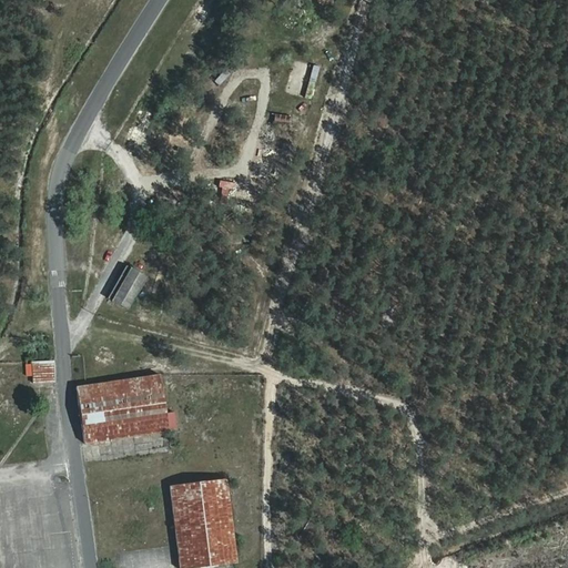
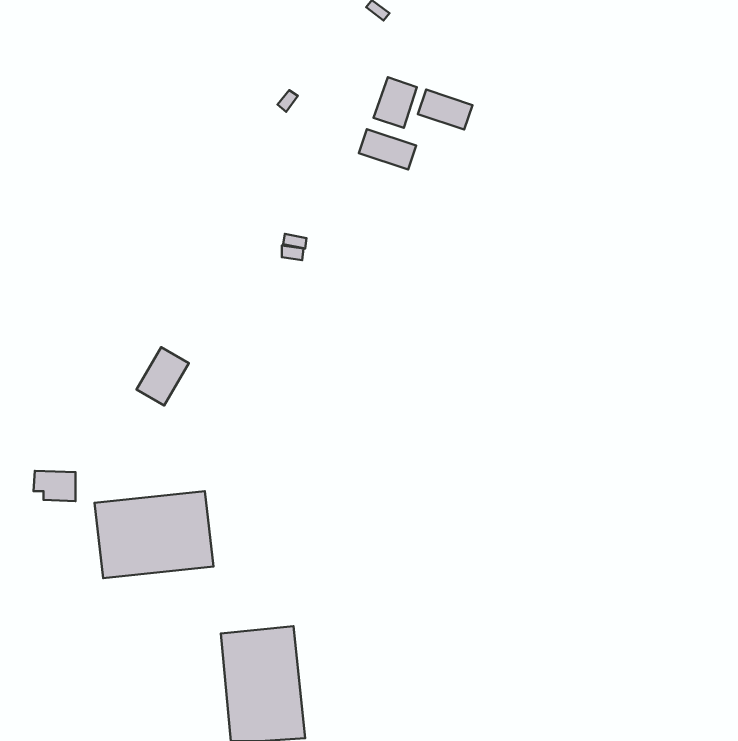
building: none -> [418,90,473,129]
building: none -> [359,129,416,170]

